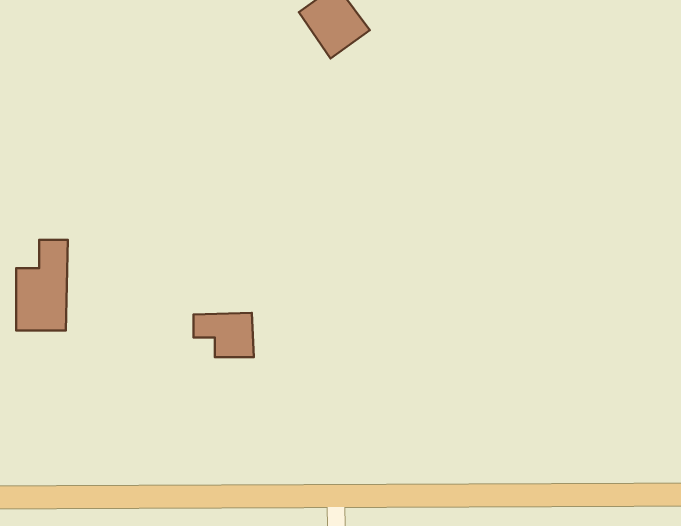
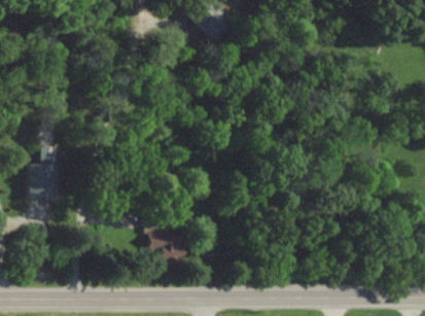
building: [193,313,254,357] -> [149,233,184,258]

